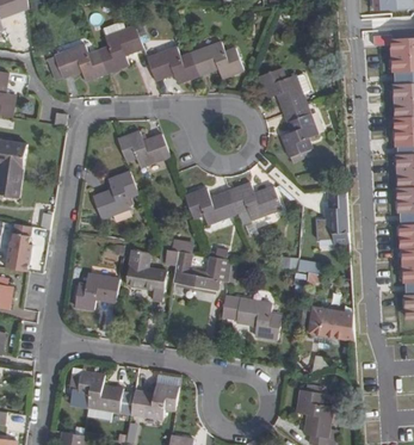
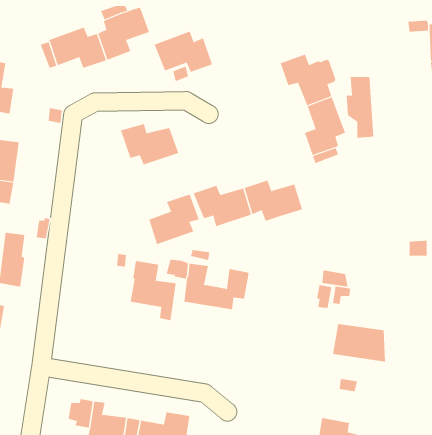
building: [190,38,243,74] -> none
building: [91,167,136,212] -> [149,194,200,245]
building: [321,190,346,245] -> [346,76,374,138]
building: [73,271,118,309] -> none
building: [221,297,280,340] -> none

